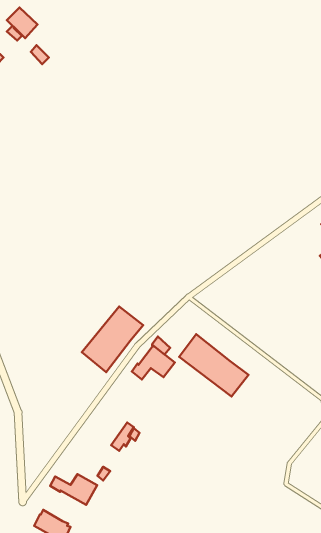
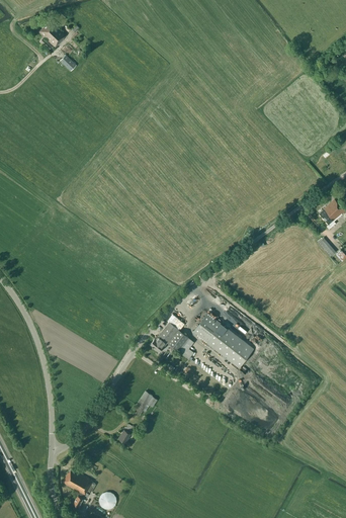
building: [82,306,143,372] -> none
building: [50,474,97,505] -> none

